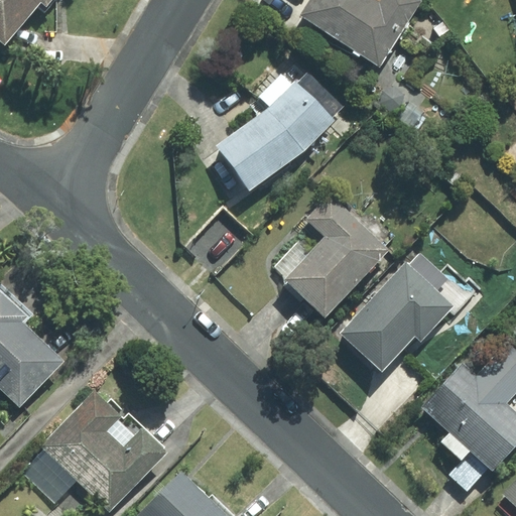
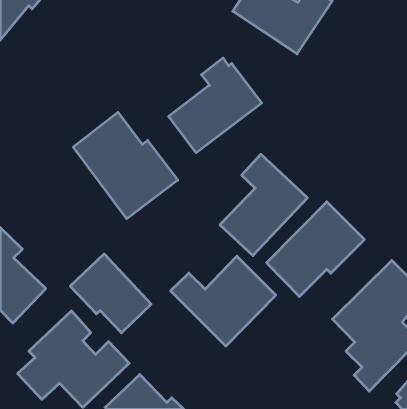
building: none -> [73,112,178,219]
building: none -> [70,254,151,333]
building: none -> [171,256,276,346]

